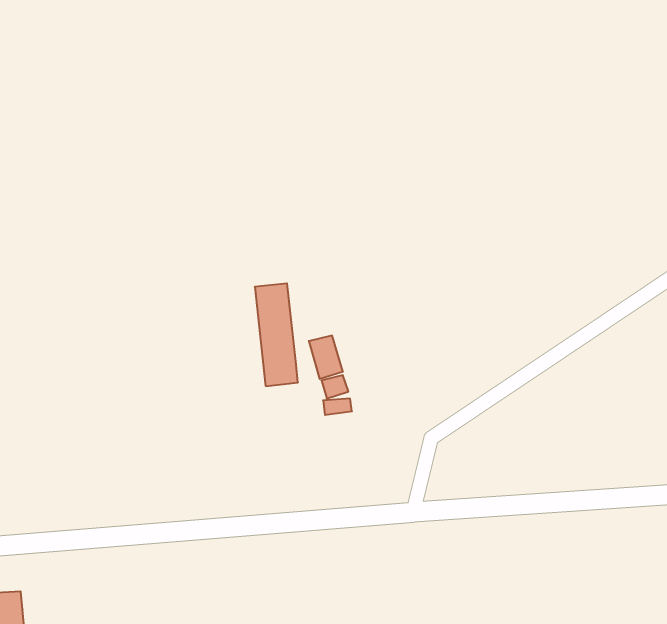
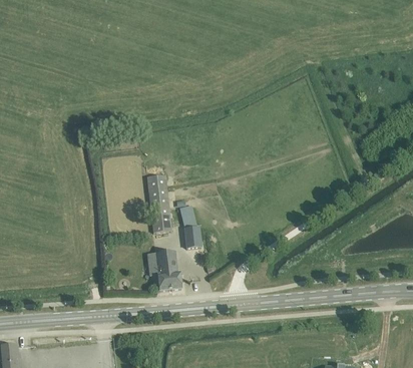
building: none -> [154,250,180,289]

